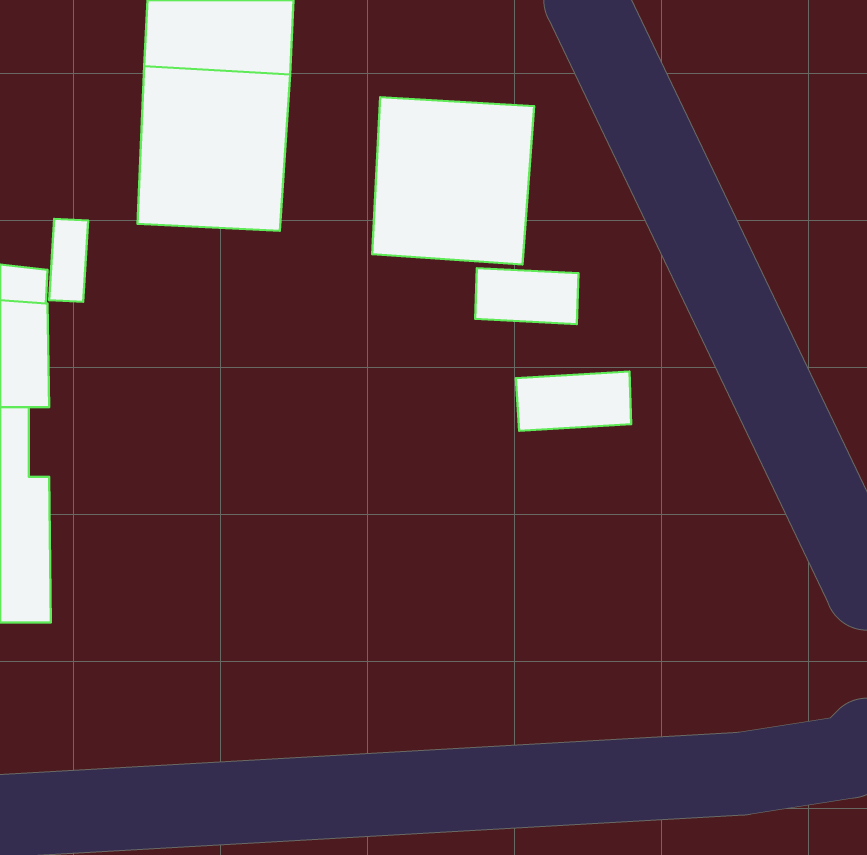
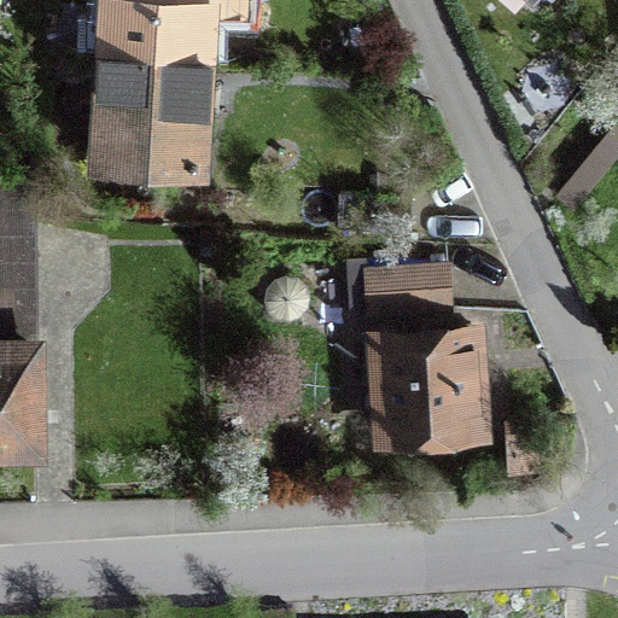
building: [372,97,534,265] -> none
building: none -> [378,338,480,437]

